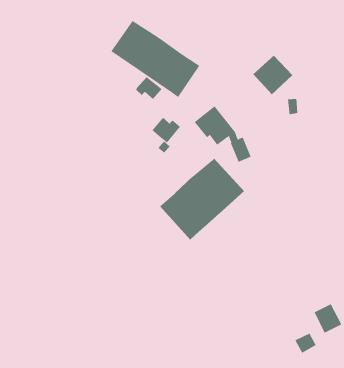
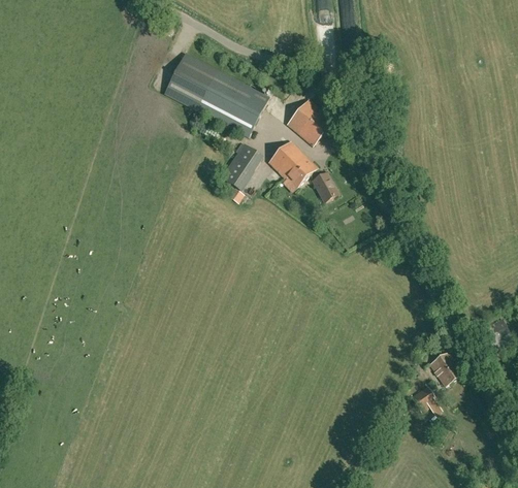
building: [253,55,293,95] -> [287,98,333,144]
building: [135,76,162,100] -> [232,142,263,168]
building: [159,158,245,241] -> none

